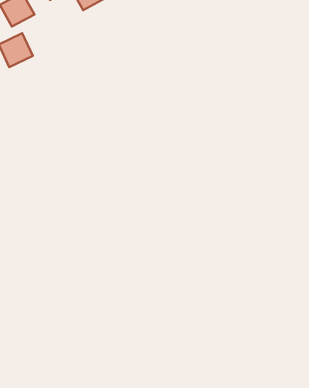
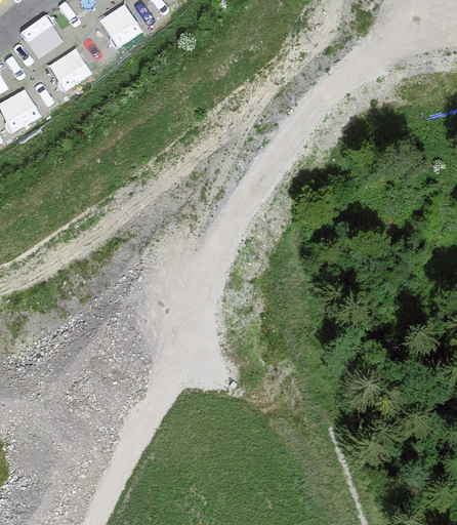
building: none -> [48,45,92,89]

